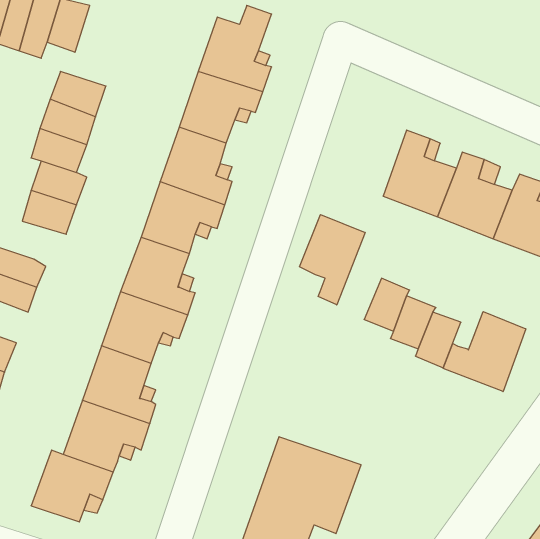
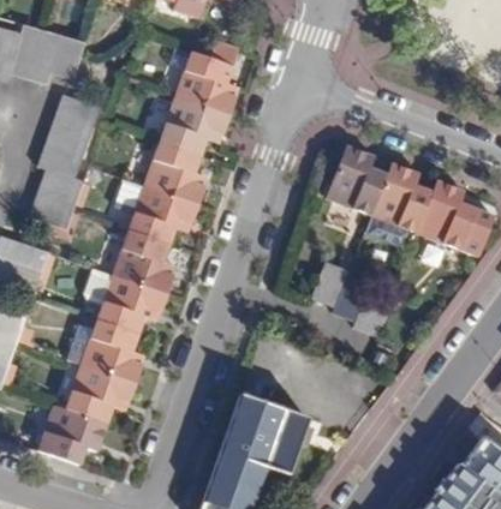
building: [299,215,365,305] -> none
building: [443,312,526,392] -> none

